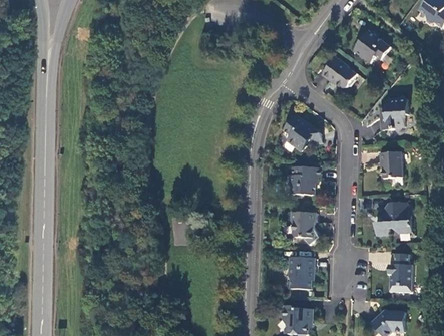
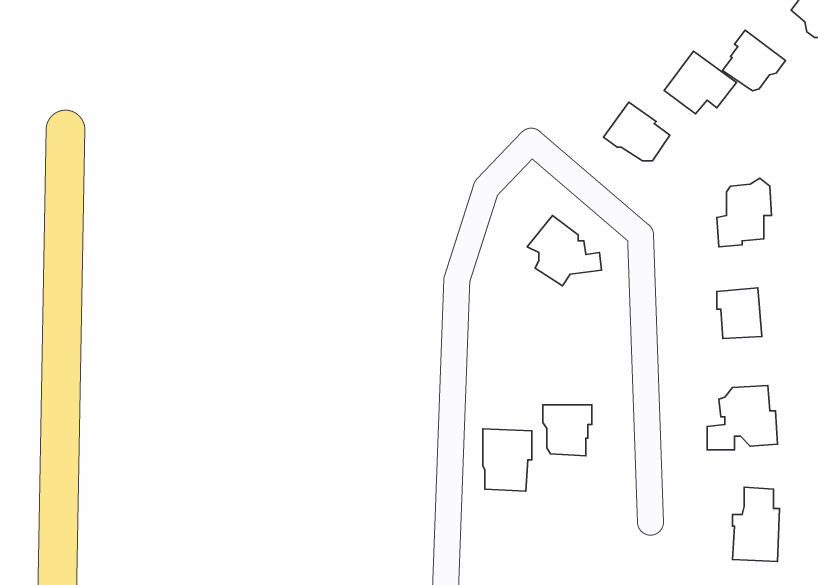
building: none -> [722,30,786,91]
building: [289,166,321,195] -> none
building: [289,257,314,289] -> [483,429,532,491]

